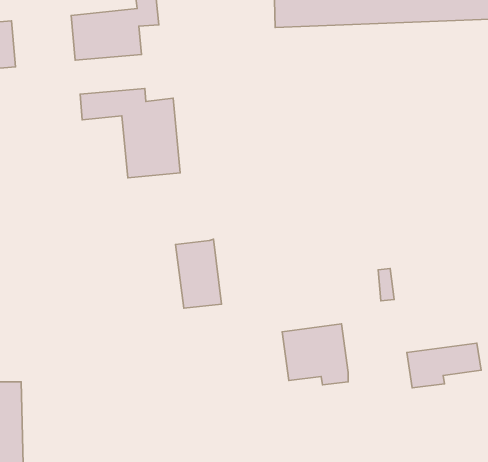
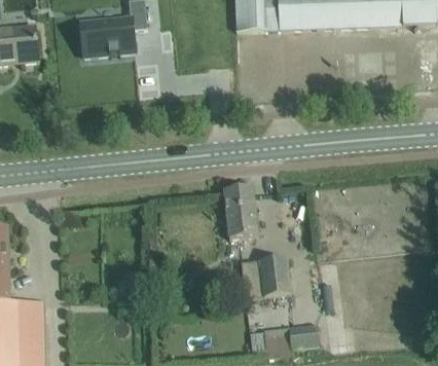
building: [80,89,180,178] -> none
building: [176,239,222,308] -> [223,186,258,239]
building: [407,343,481,388] -> [264,323,321,357]

